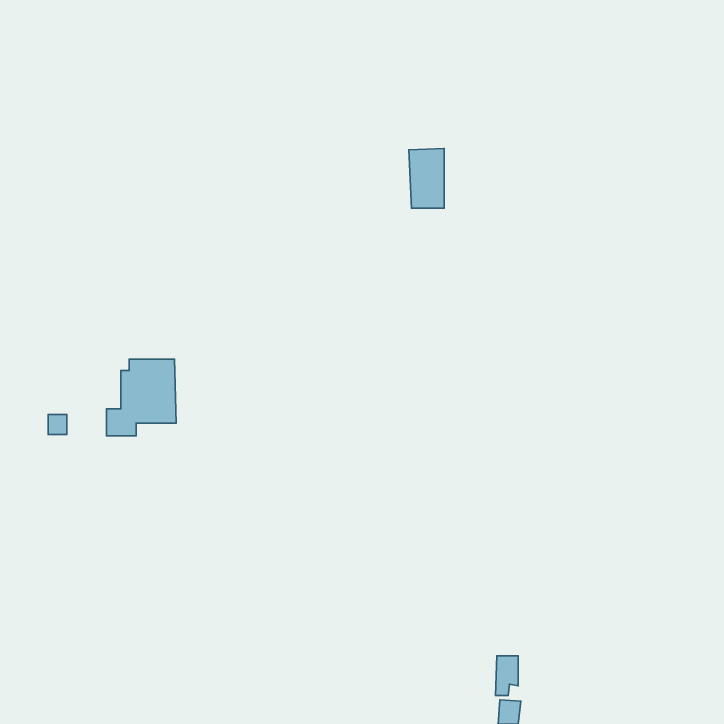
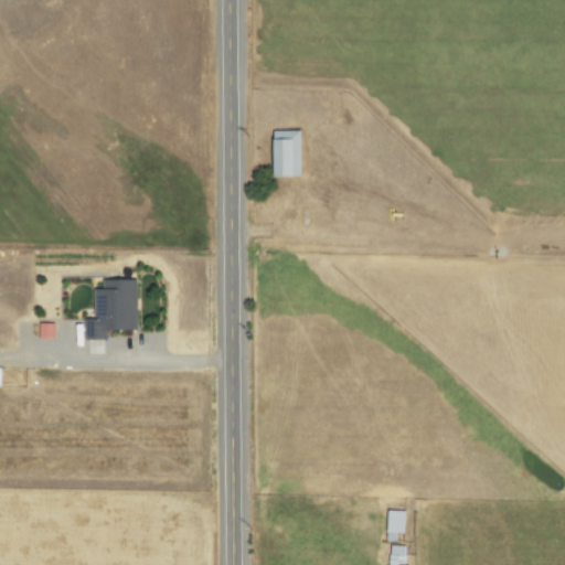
building: [409,148,444,208] -> [273,129,300,175]

